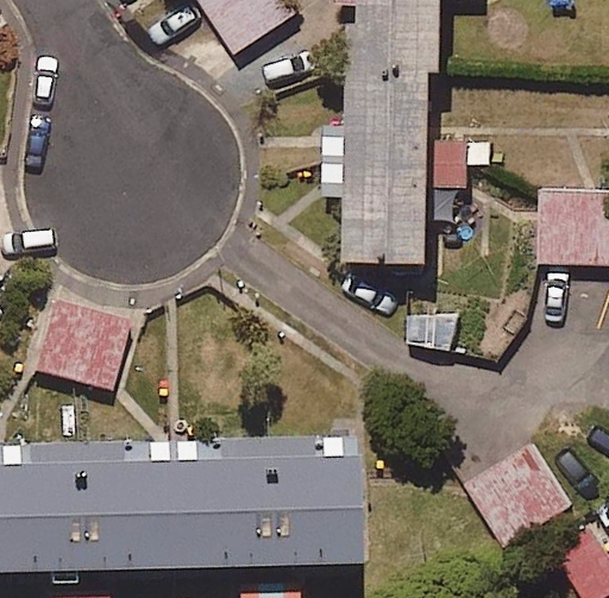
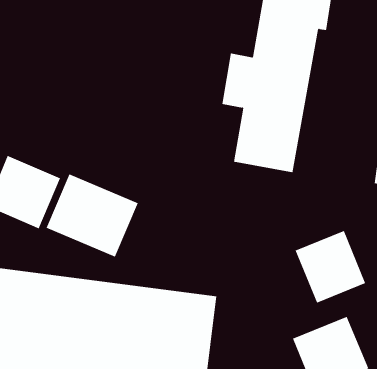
building: none -> [46,174,138,258]
building: none -> [295,230,366,303]

